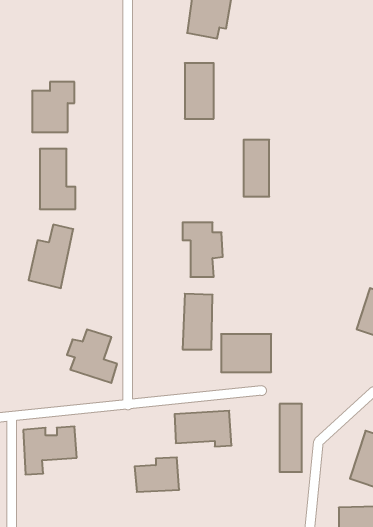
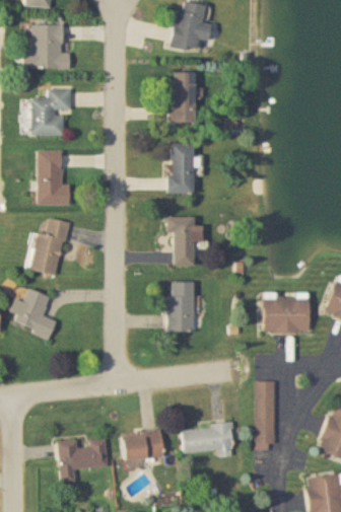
building: none -> [21,23,68,68]
building: [244,140,269,197] -> [169,142,193,194]
building: [67,329,117,383] -> [9,290,55,339]
building: [221,334,271,372] -> [263,298,309,333]
building: [175,411,232,446] -> [182,425,233,457]
building: [23,427,77,474] -> [58,439,107,483]

